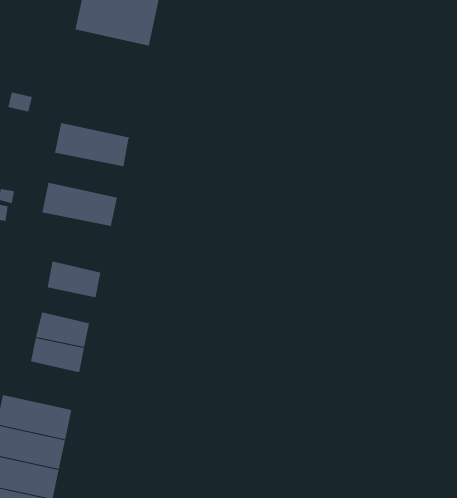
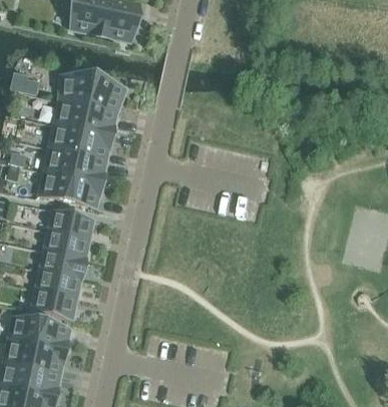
building: none -> [61,75,125,113]
building: none -> [51,125,111,160]
building: none -> [41,172,101,208]
building: none -> [46,232,89,260]
building: none -> [33,290,76,319]

